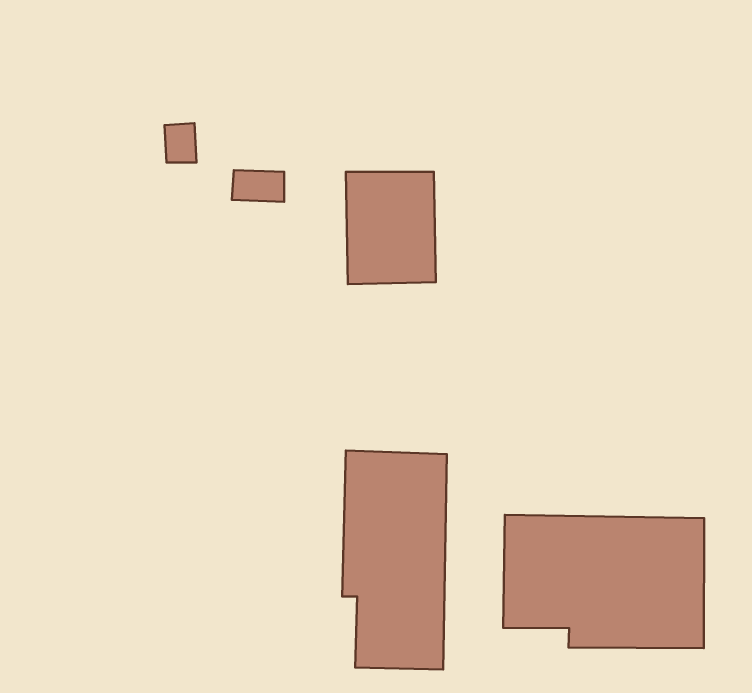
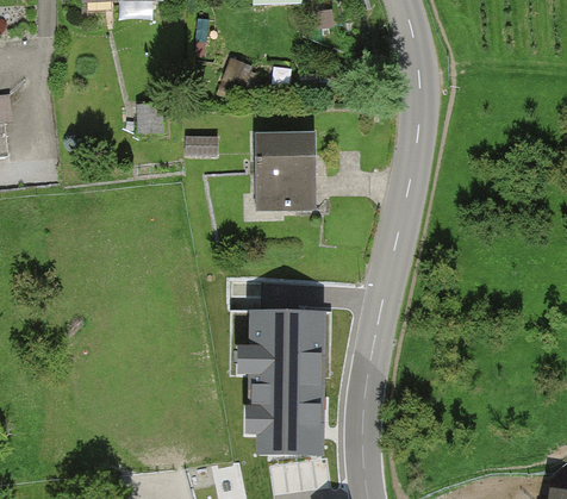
building: [503,515,704,648] -> none

